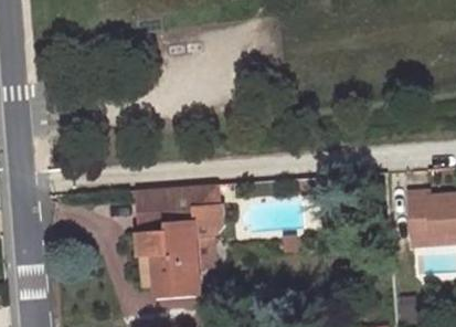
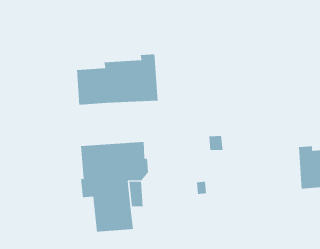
building: none -> [76,54,158,105]

